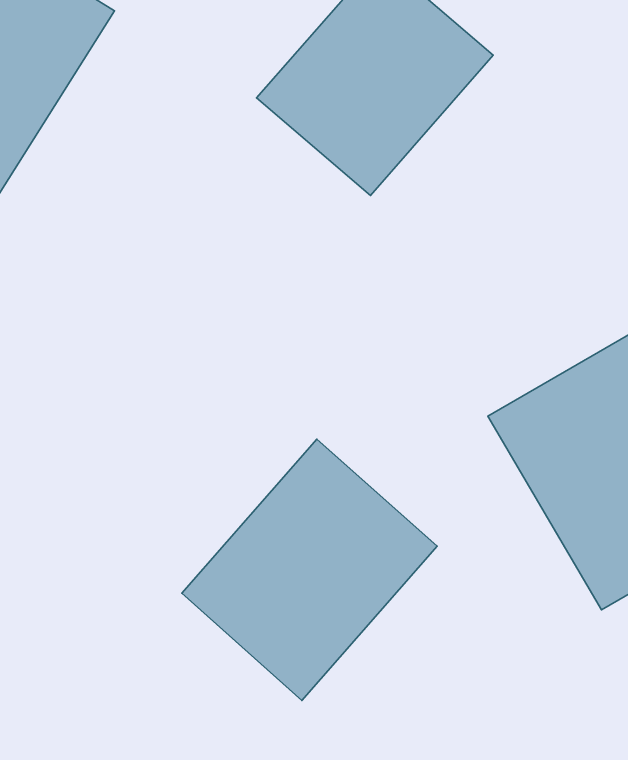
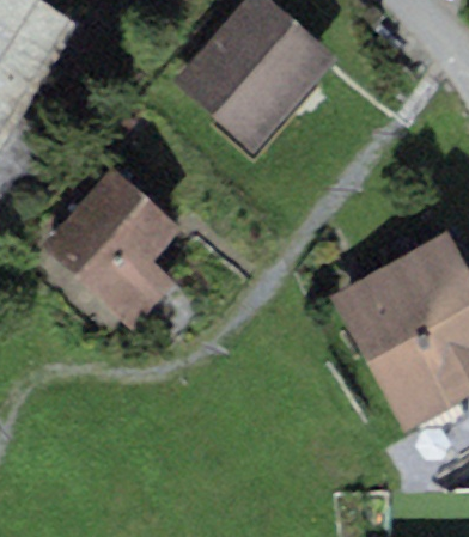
building: none -> [41,166,179,328]
building: [182,439,437,700] -> none

